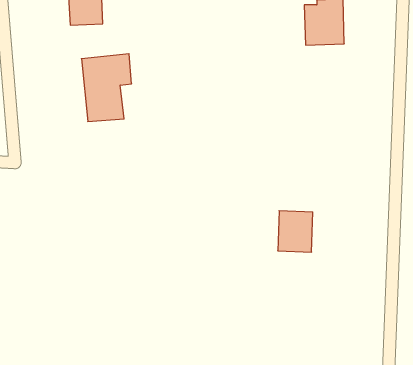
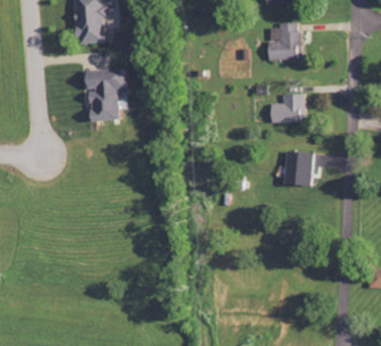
building: none -> [270,94,303,123]
building: [278,211,313,252] -> [283,152,311,186]

